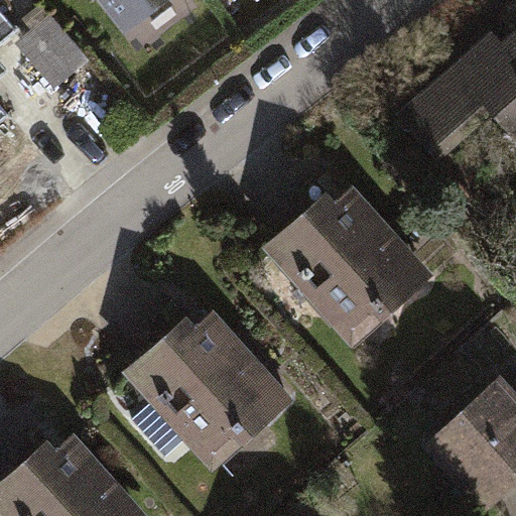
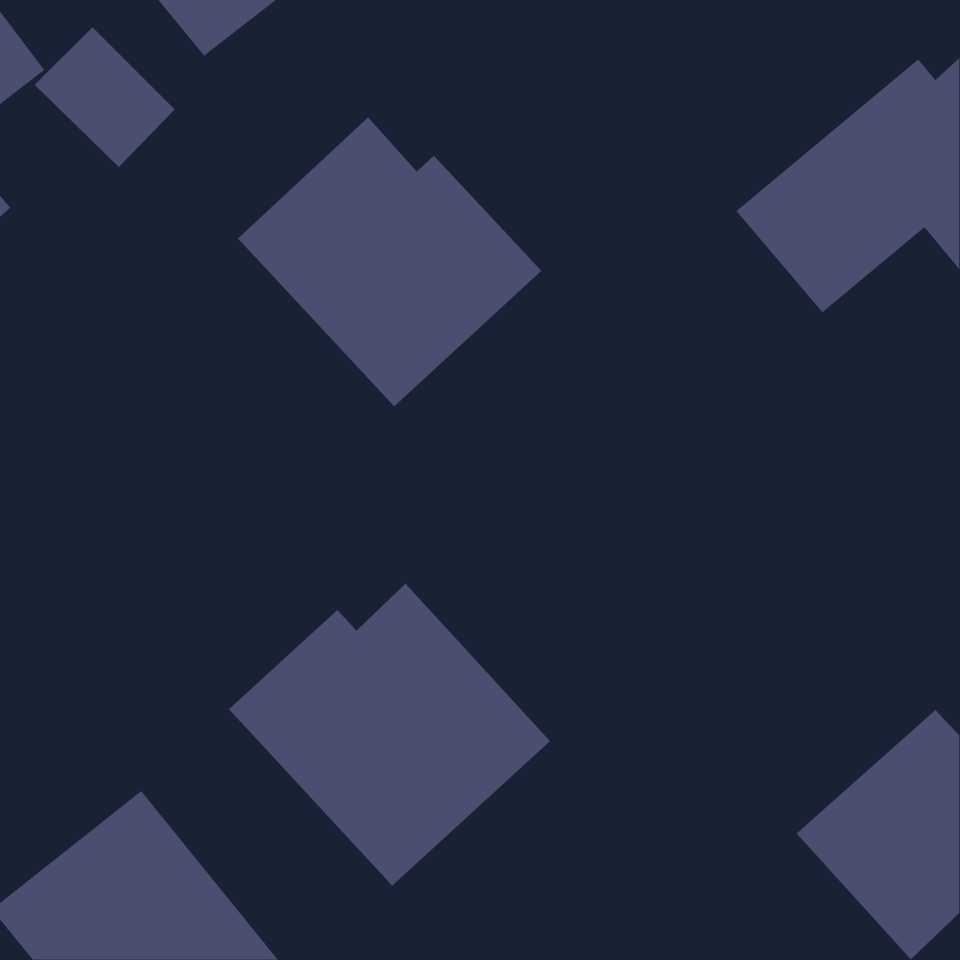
building: none -> [237,117,542,407]
building: [260,189,434,352] -> none

